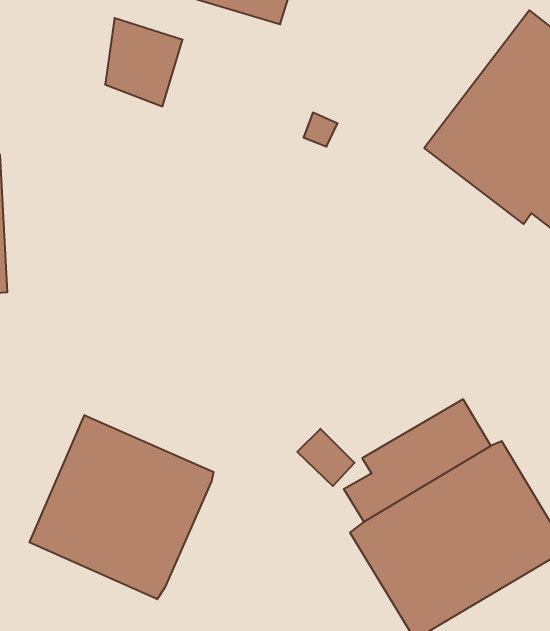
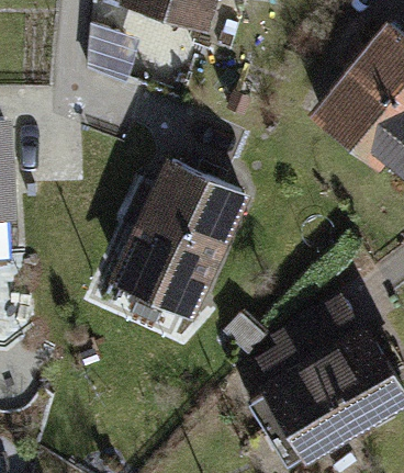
building: none -> [110,157,250,319]
building: [30,415,214,599] -> none

